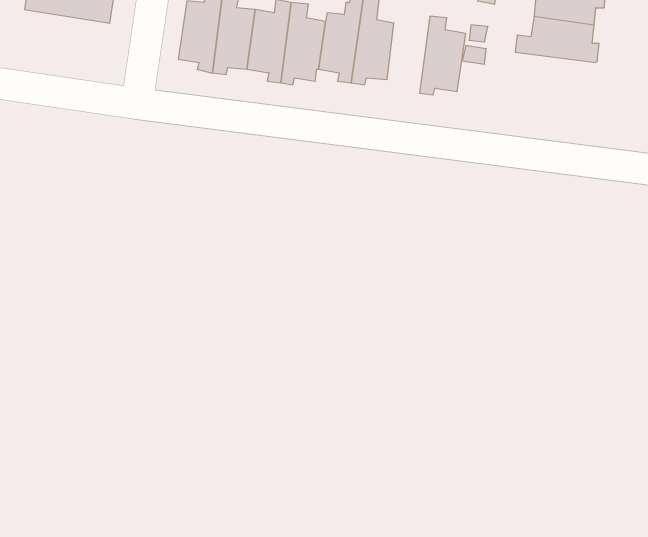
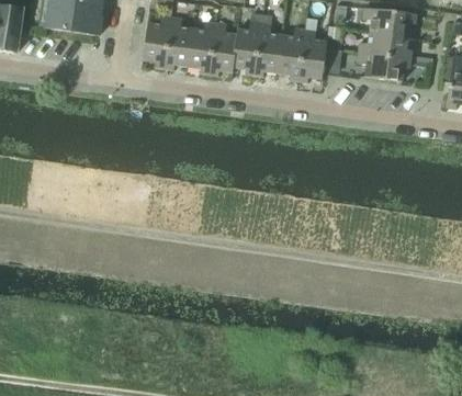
building: none -> [275,29,303,80]
building: none -> [357,54,409,82]

